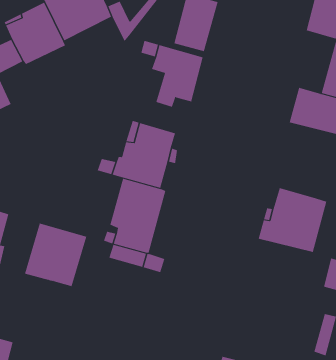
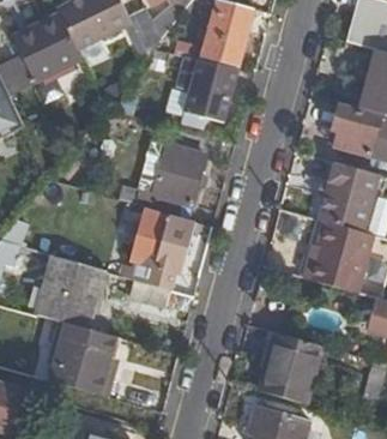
building: none -> [321,164,379,230]
building: none -> [50,324,119,397]
building: none -> [259,332,321,404]

